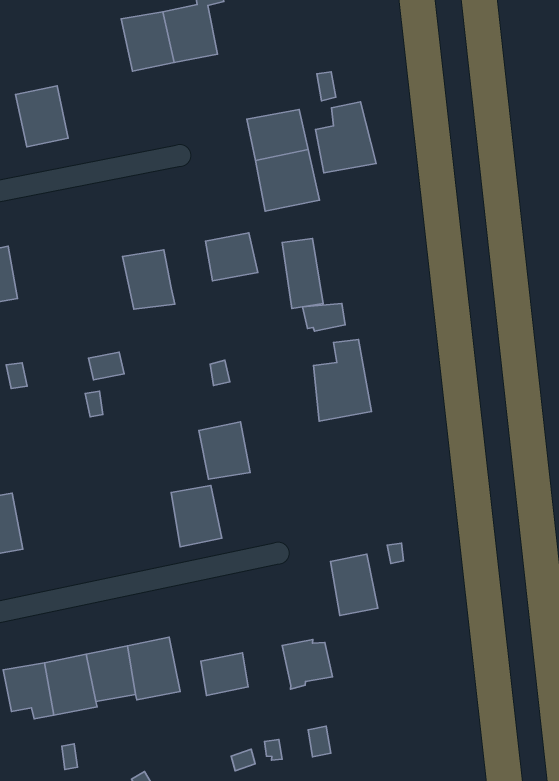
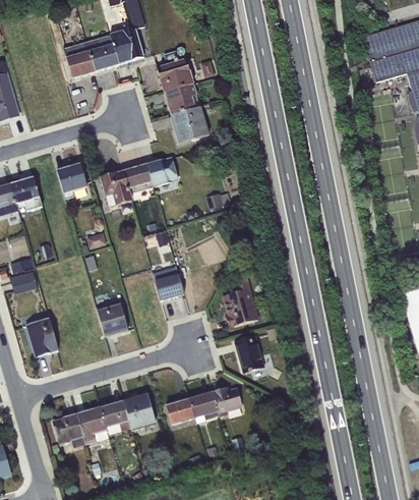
building: [16,86,68,147] -> [63,40,96,76]
building: [315,102,376,173] -> [157,48,193,91]
building: none -> [57,163,86,198]
building: [282,239,323,309] -> none
building: none -> [123,163,153,191]
building: [314,340,371,421] -> [223,277,258,326]
building: [171,486,222,547] -> [97,299,128,336]
building: none -> [189,391,219,422]

